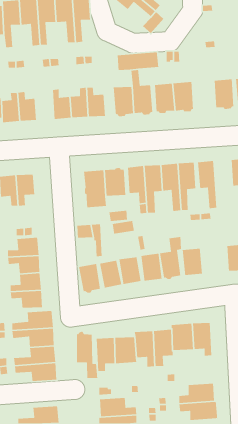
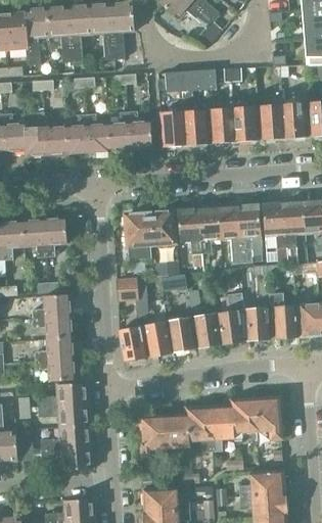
building: none -> [259,104,284,142]
building: none -> [65,115,88,153]
building: none -> [282,200,305,259]
building: none -> [268,294,297,339]
building: [76,331,98,379] -> none

